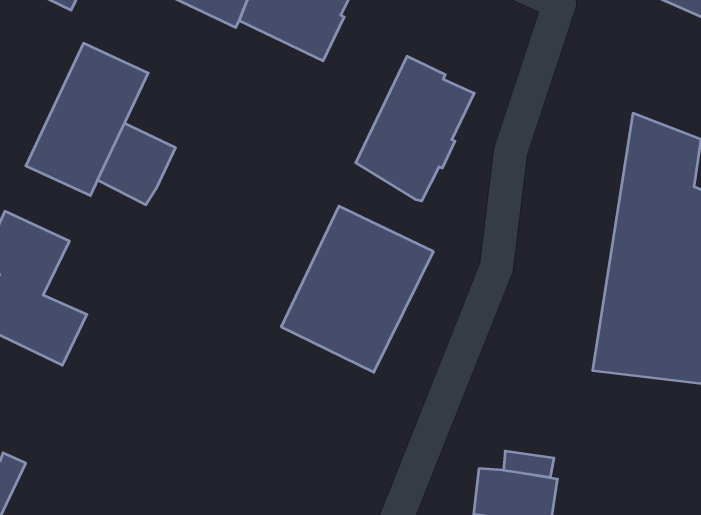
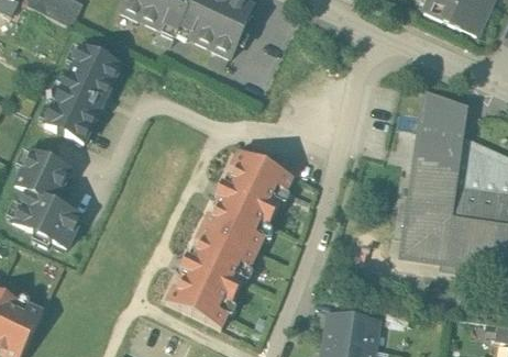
building: [356,56,474,201] -> none
building: [98,123,175,205] -> none
building: none -> [167,223,262,325]

